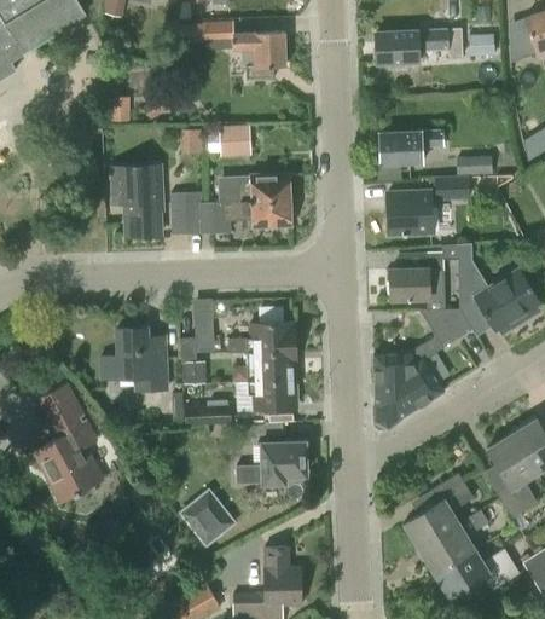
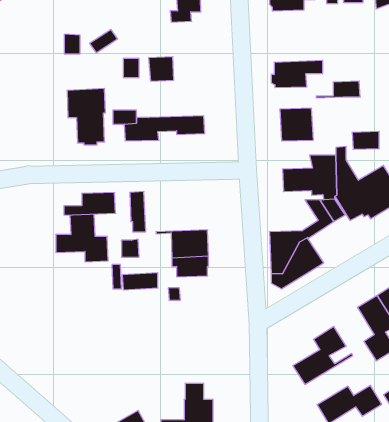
building: [218,175,289,203] -> none
building: [434,177,469,199] -> [352,131,379,149]
building: [227,322,294,351] -> [64,193,116,215]
building: [34,384,102,503] -> none
building: [234,442,305,482] -> none
building: [176,487,236,548] -> none
building: [419,510,488,574] -> none

